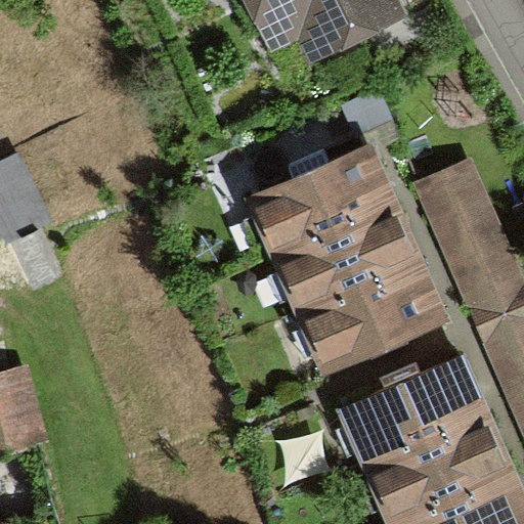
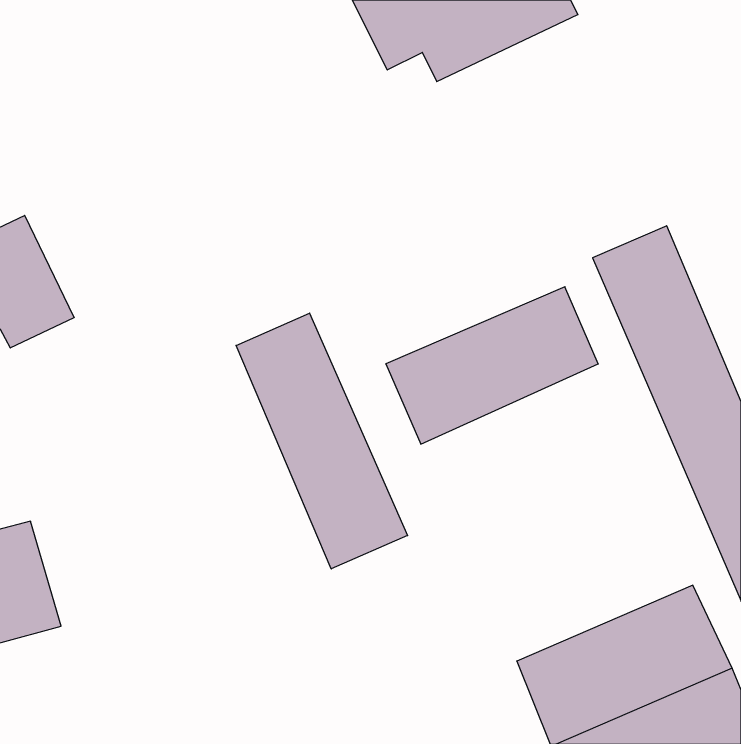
building: [246,142,397,256] -> none
building: none -> [236,313,408,569]
building: [296,256,448,375] -> none
building: [340,356,487,465] -> none

